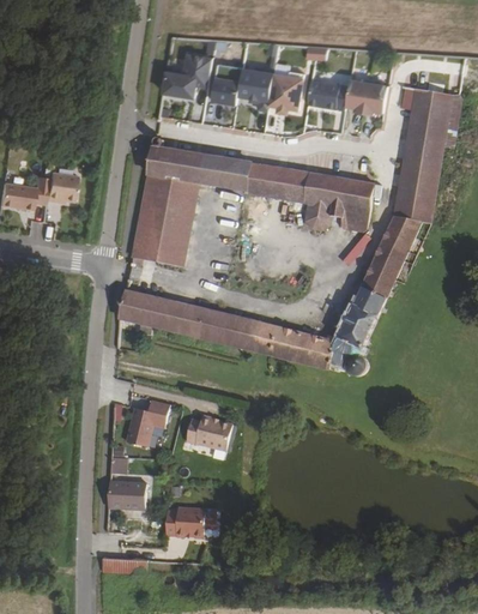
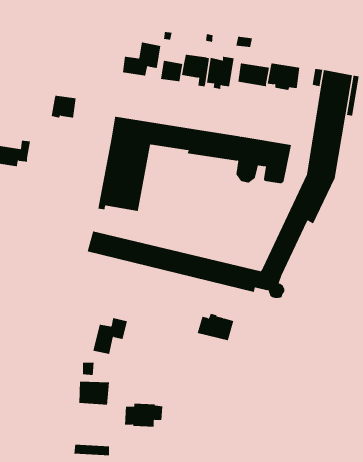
building: [43,173,75,201] -> [51,95,77,118]
building: [184,415,231,450] -> [197,313,234,341]

